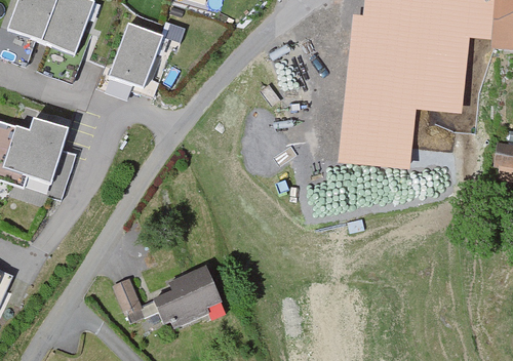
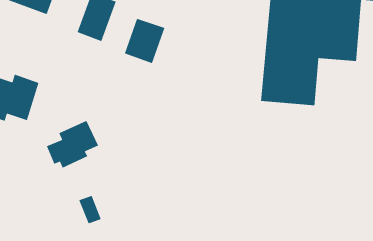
building: none -> [124,18,166,64]
building: [154,265,221,326] -> [46,120,99,169]

